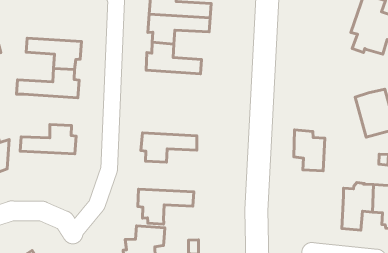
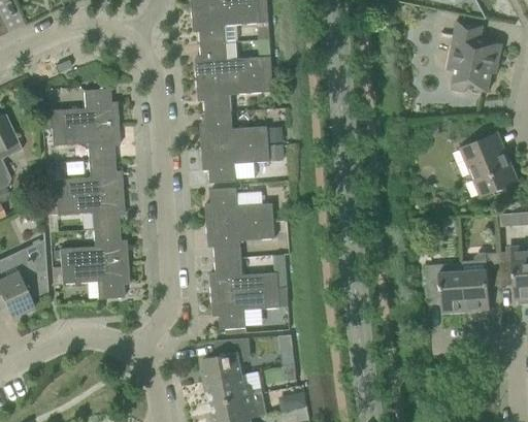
building: none -> [41,88,119,128]
building: none -> [202,143,270,183]
building: none -> [56,192,125,229]
building: none -> [205,188,274,225]
building: [294,130,325,171] -> [425,264,466,313]
building: none -> [61,261,129,298]
building: none -> [210,257,278,294]

